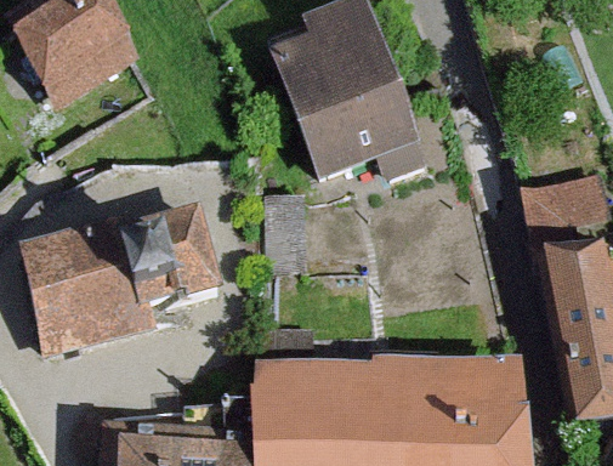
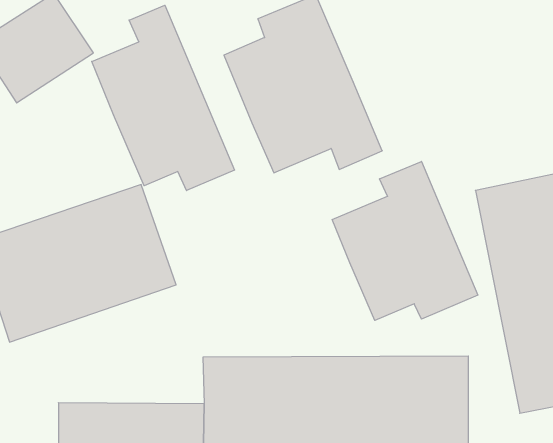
building: none -> [92,5,234,191]
building: none -> [332,161,478,320]

